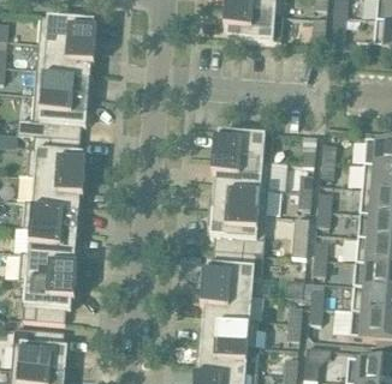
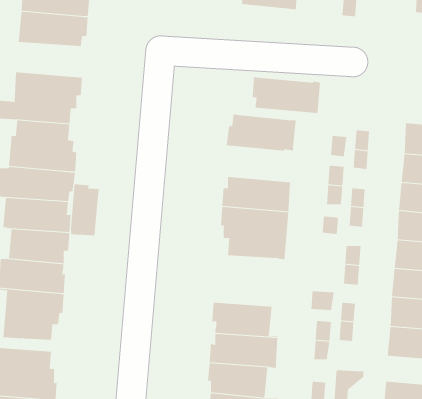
building: [34,68,93,98] -> none
building: [212,156,271,187] -> [252,77,321,113]
building: none -> [71,184,99,236]
building: [202,250,256,293] -> none

